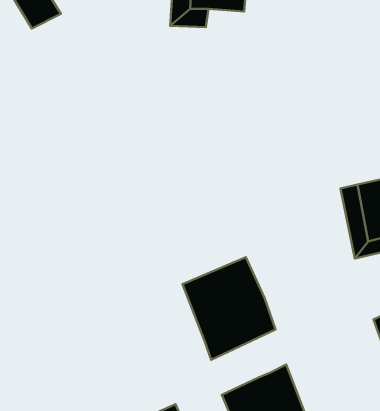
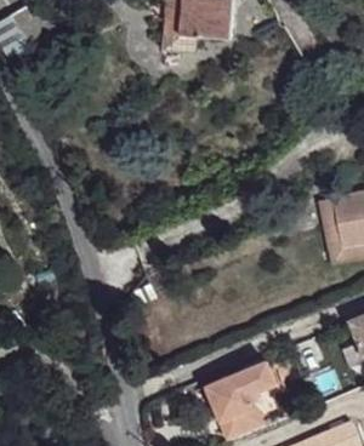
building: [183,257,276,360] -> none

